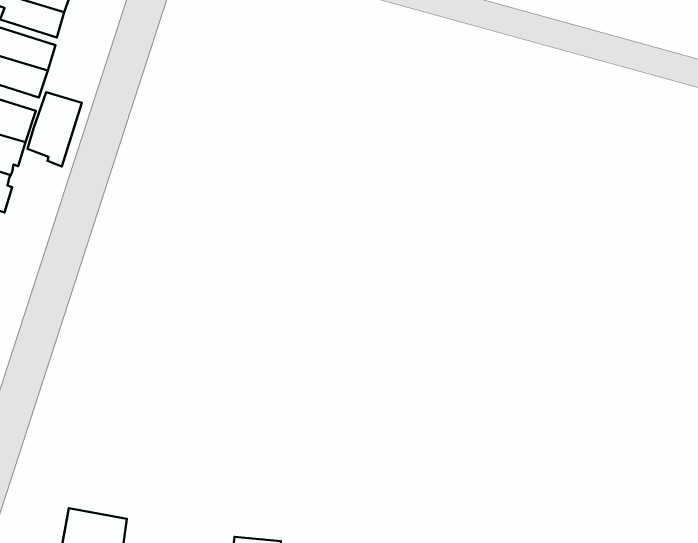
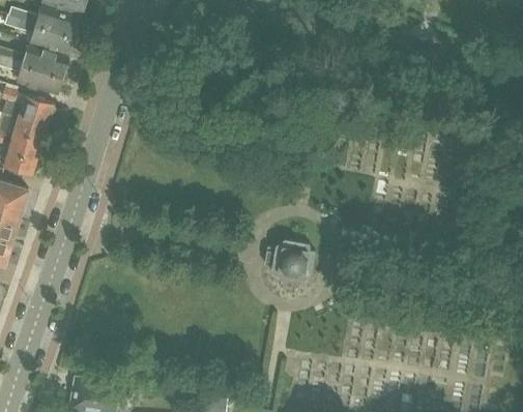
building: [28,92,82,166] -> none
building: none -> [264,240,314,284]

